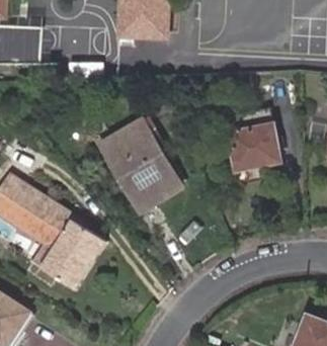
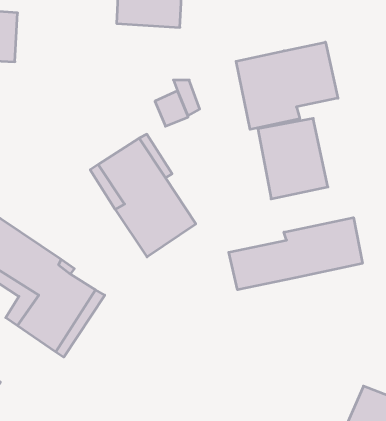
building: none -> [236,42,338,129]
building: none -> [229,218,362,290]

